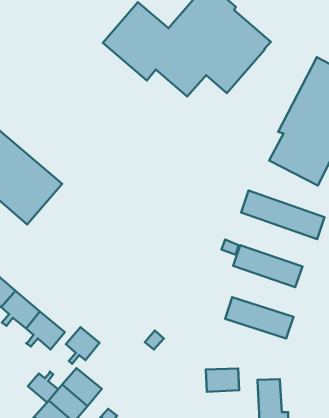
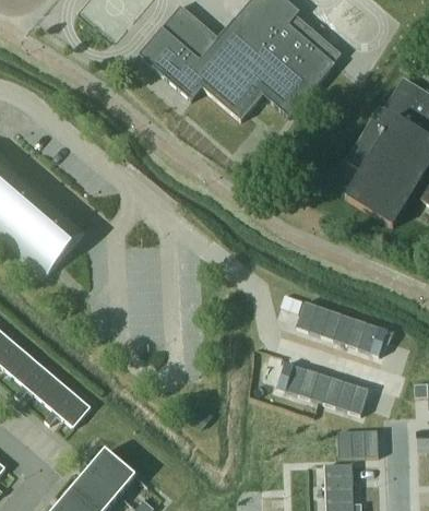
building: [241,191,324,239] -> none
building: [66,327,99,364] -> none
building: [206,369,239,392] -> [337,429,378,457]
building: [28,372,58,402] -> none

